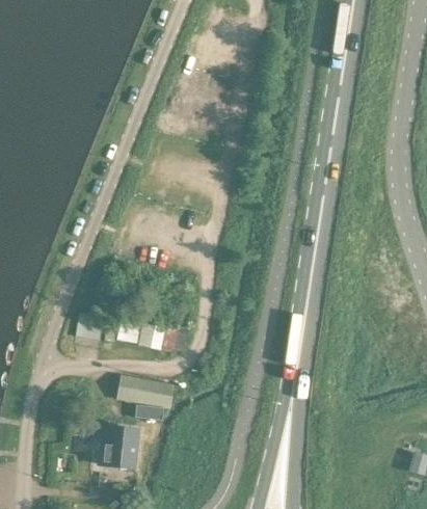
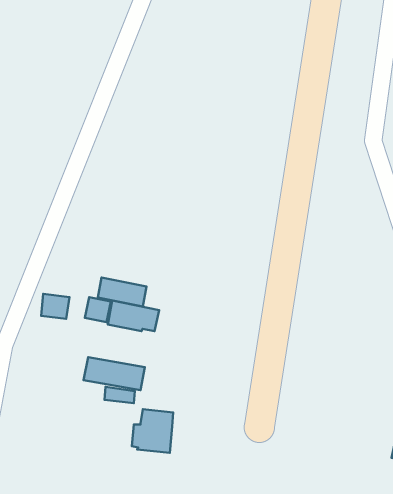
building: none -> [98,277,147,307]
building: [99,427,138,468] -> [132,409,173,453]

